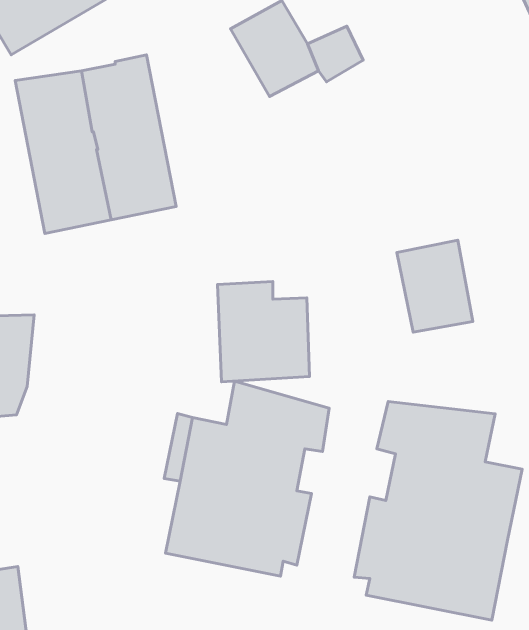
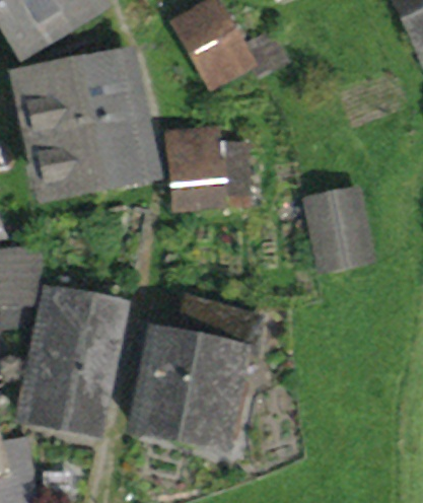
building: [217,282,309,382] -> [177,135,245,210]
building: none -> [22,290,122,432]
building: [354,401,522,620] -> none

